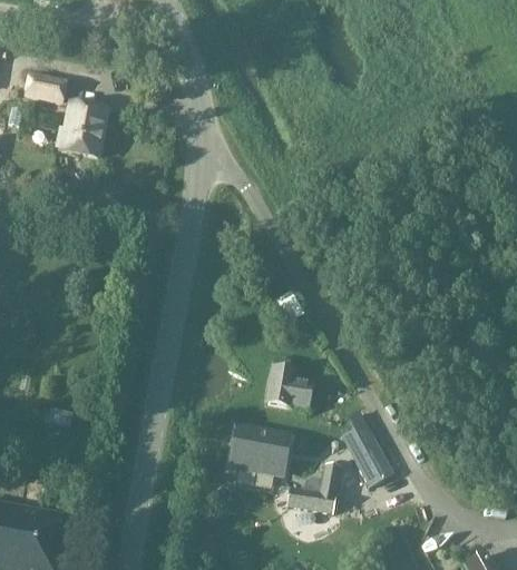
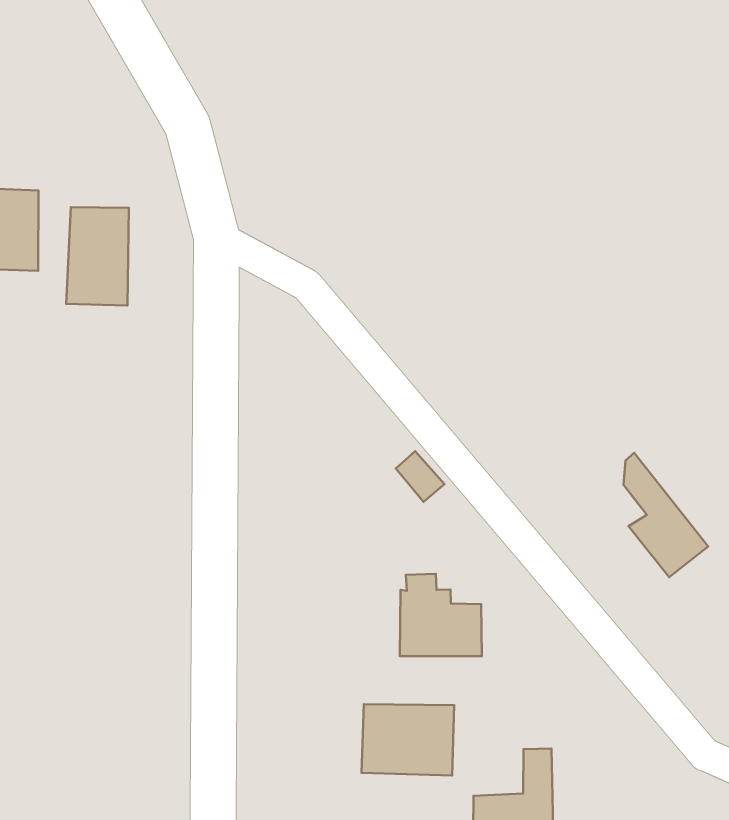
building: none -> [66,207,129,306]
building: [350,413,392,485] -> [624,453,708,577]

